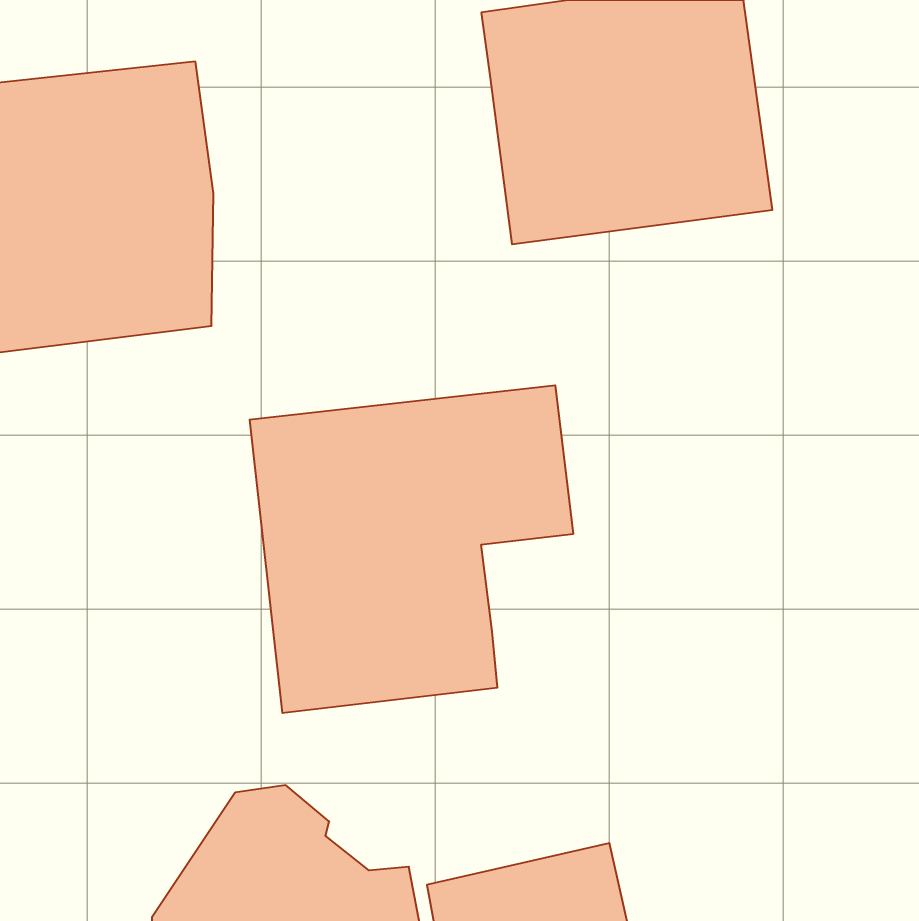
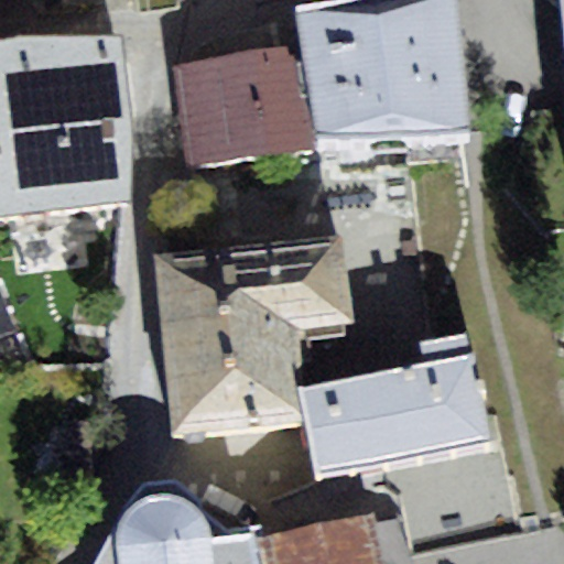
building: none -> [173,50,312,169]
building: none -> [300,334,490,476]

